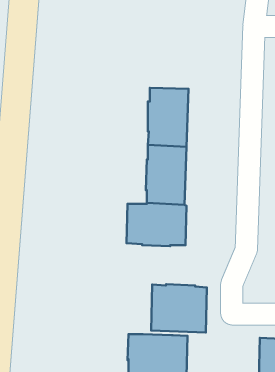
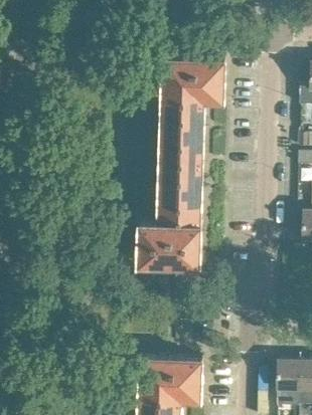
building: none -> [162,56,224,99]
building: [151,284,207,333] -> none

